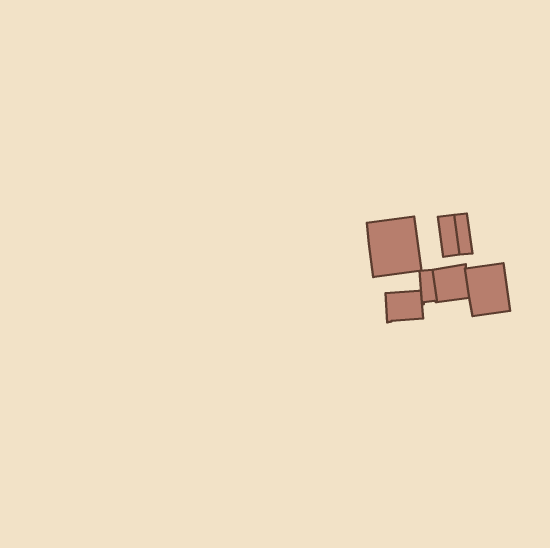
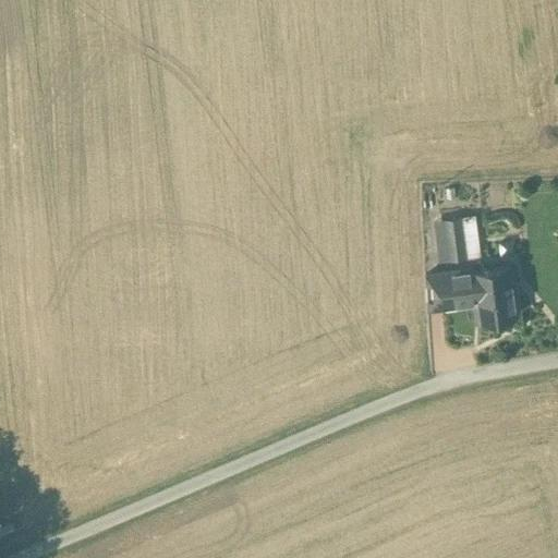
building: [367,216,422,277] -> none
building: [386,290,423,323] -> none

